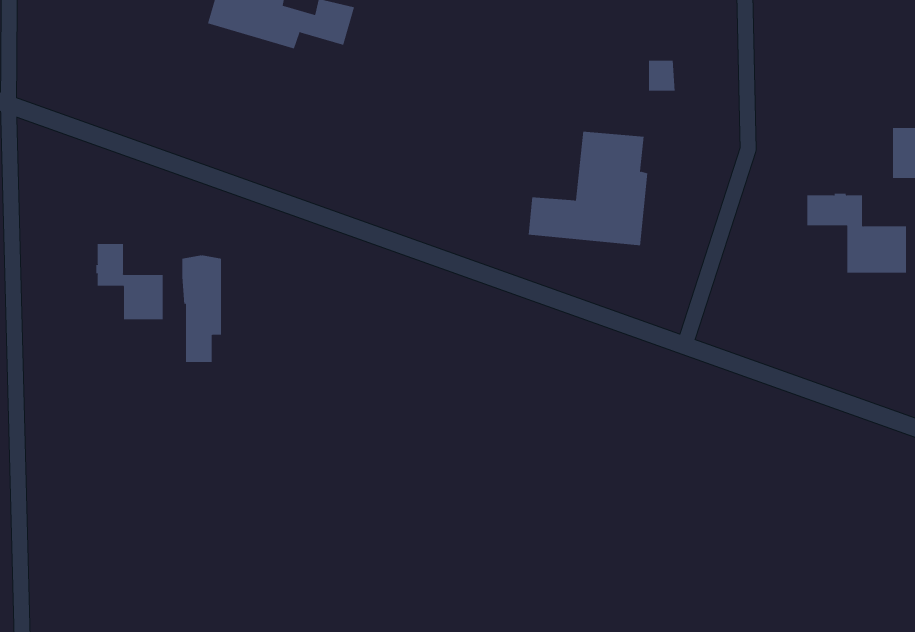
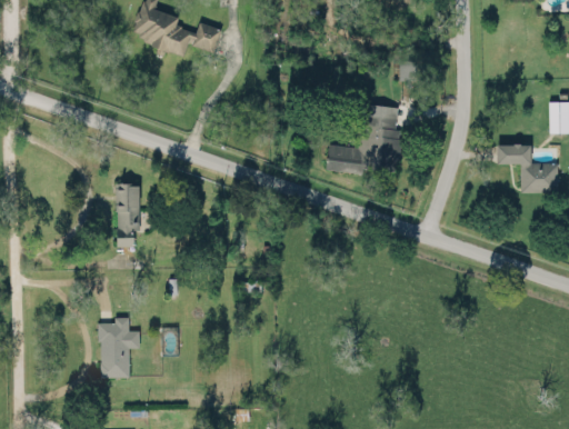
building: [96,243,163,320] -> none
building: none -> [99,317,140,378]

